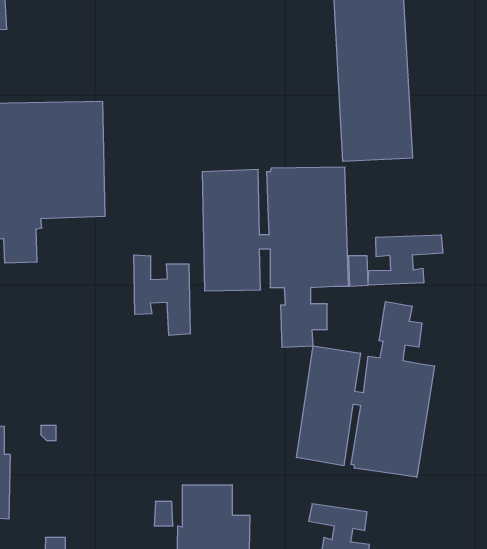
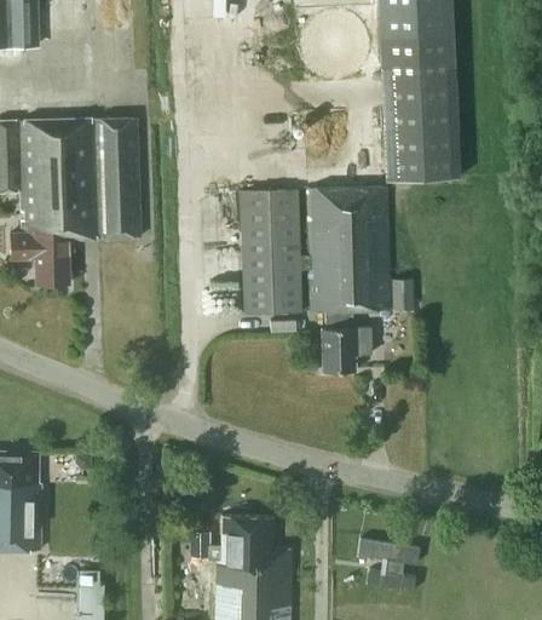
building: [368,235,443,285] -> none
building: [134,255,190,335] -> none
building: [297,302,434,477] -> none

